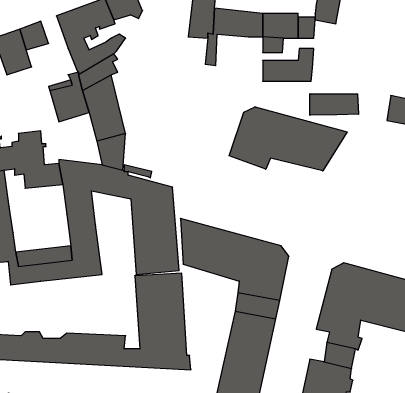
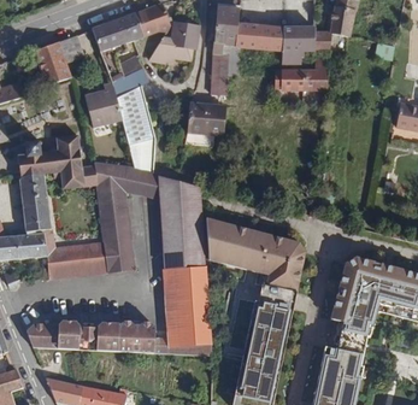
building: none -> [152,23,199,64]
building: none -> [211,49,231,95]
building: [310,94,358,115] -> none
building: none -> [186,104,225,146]
building: [229,107,347,171] -> none

